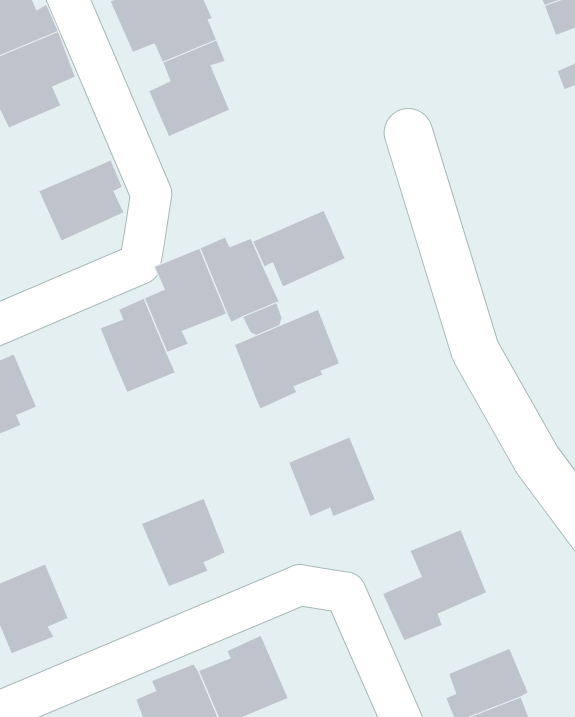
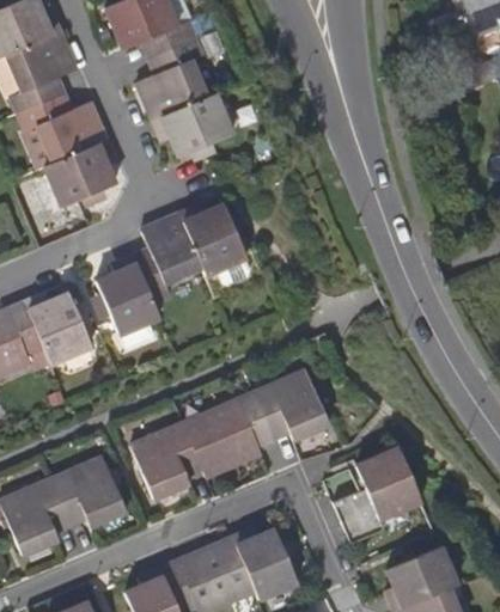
building: none -> [20,94,106,170]
building: [253,210,346,287] -> [154,94,232,159]
building: [234,309,340,409] -> [184,393,273,477]
building: none -> [25,293,92,363]
building: none -> [51,458,126,526]
building: none -> [232,530,297,600]

